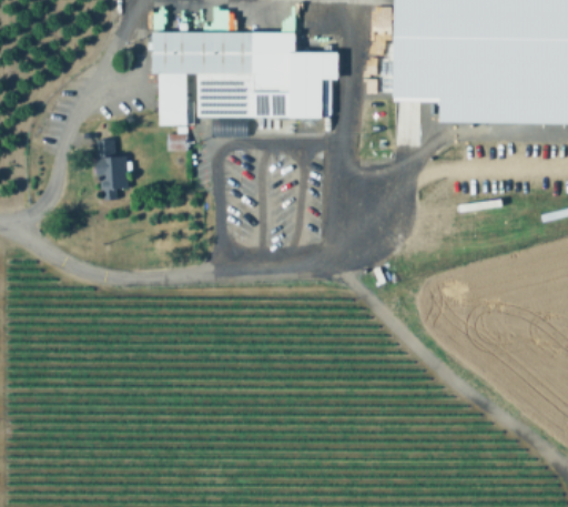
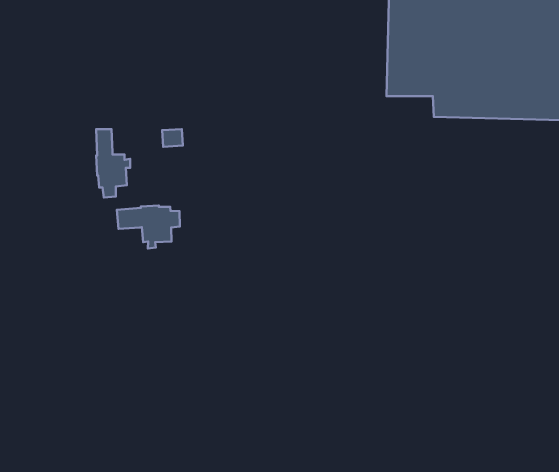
building: [154,32,339,125] -> none
building: none -> [117,206,180,249]

